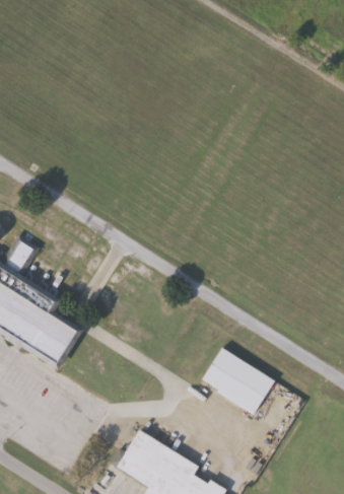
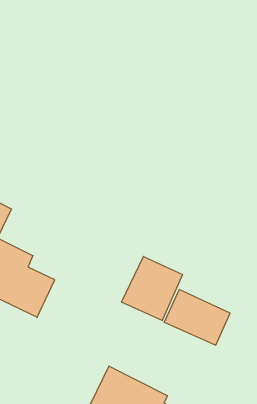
building: none -> [122,256,183,321]

